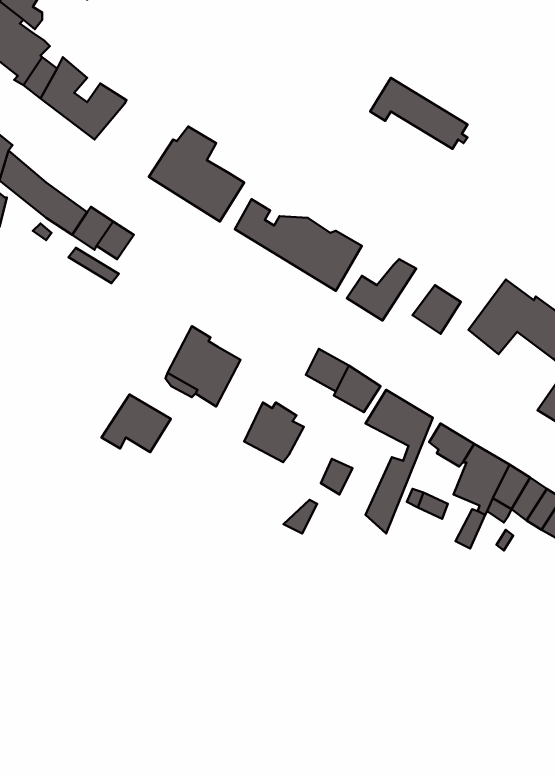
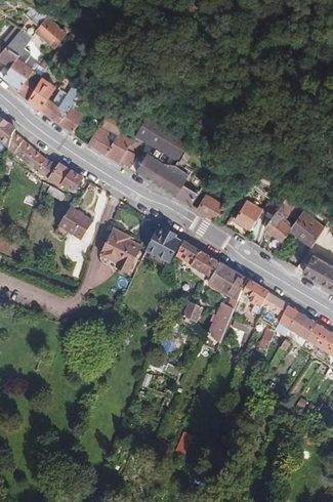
building: [370,78,467,149] -> [133,124,186,163]
building: none -> [59,104,88,133]
building: [102,394,171,452] -> [53,205,91,237]
building: [244,402,304,462] -> [145,226,178,259]

